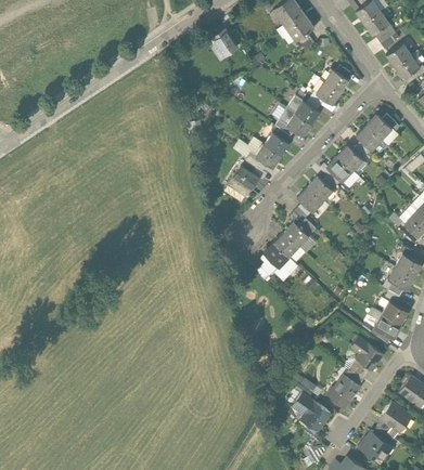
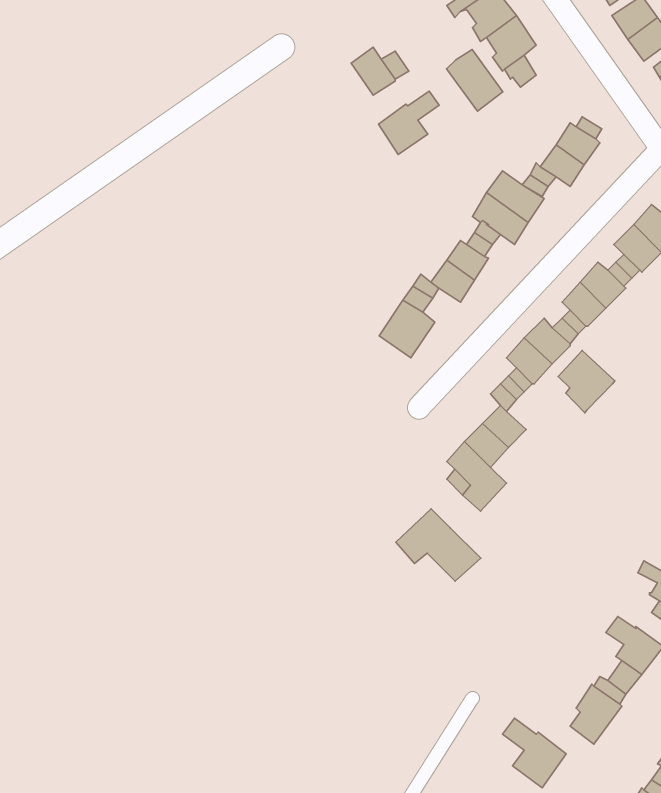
building: none -> [447,49,503,111]
building: none -> [378,91,439,154]
building: none -> [558,350,615,413]
building: none -> [396,509,481,581]

